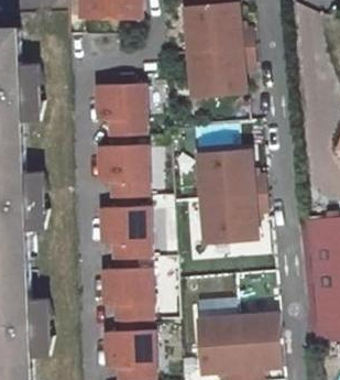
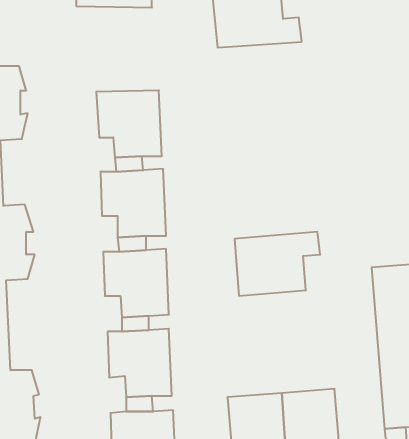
building: [188,45,254,95] -> none
building: [197,149,265,197] -> none

